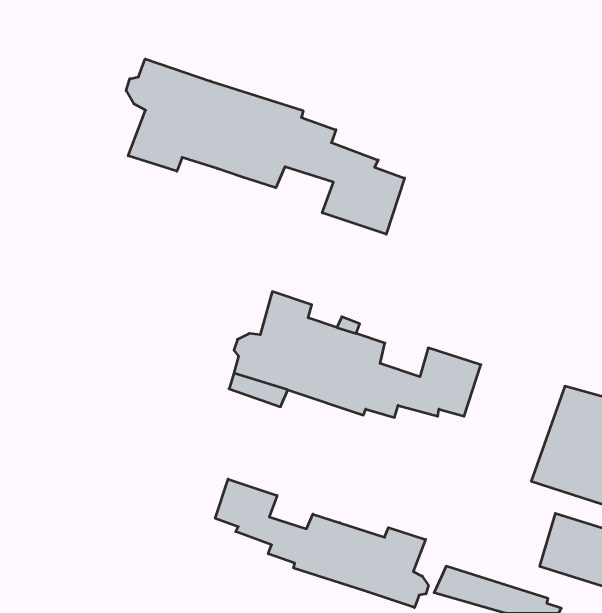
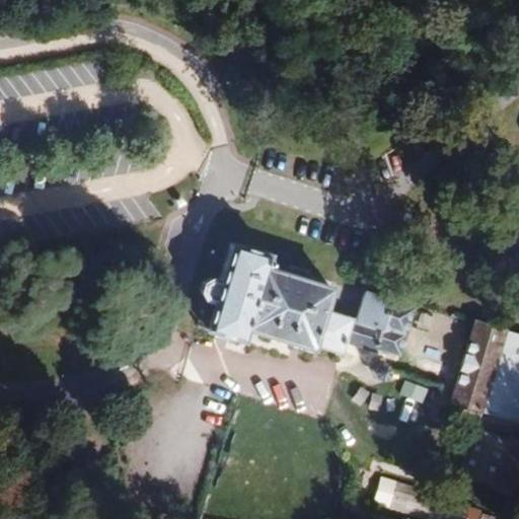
building: [126,59,405,234] -> none
building: [215,479,428,608] -> none

